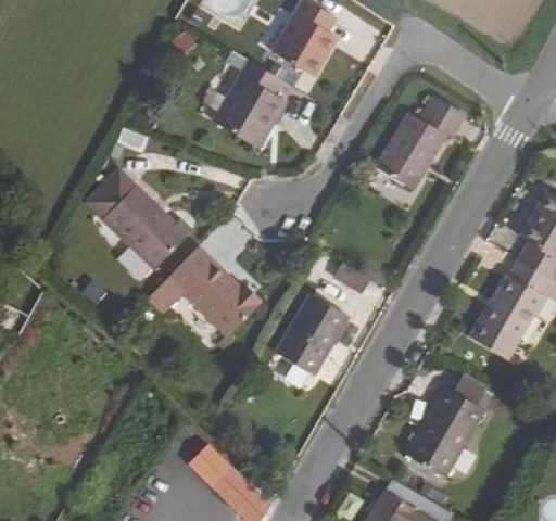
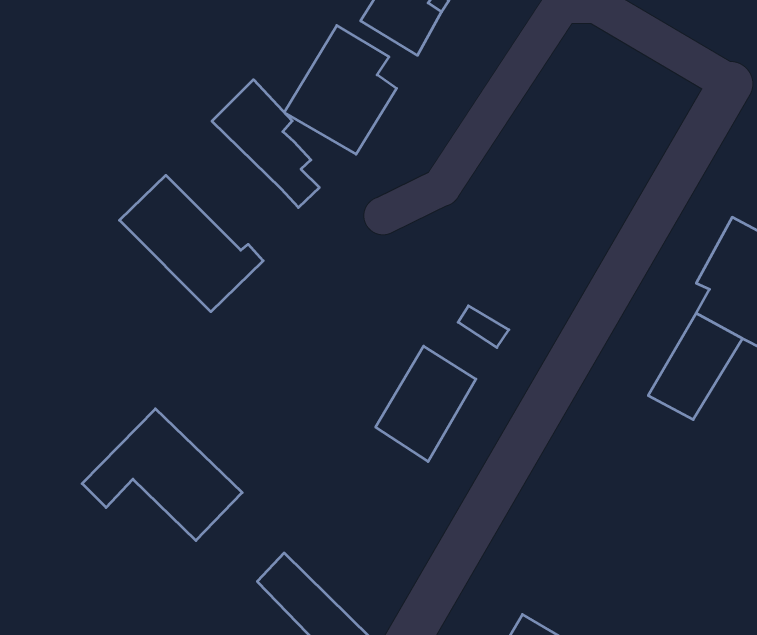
building: [378,98,467,192] -> none
building: none -> [212,80,319,208]
building: [147,244,263,340] -> [82,409,242,541]
building: [404,373,488,480] -> none

